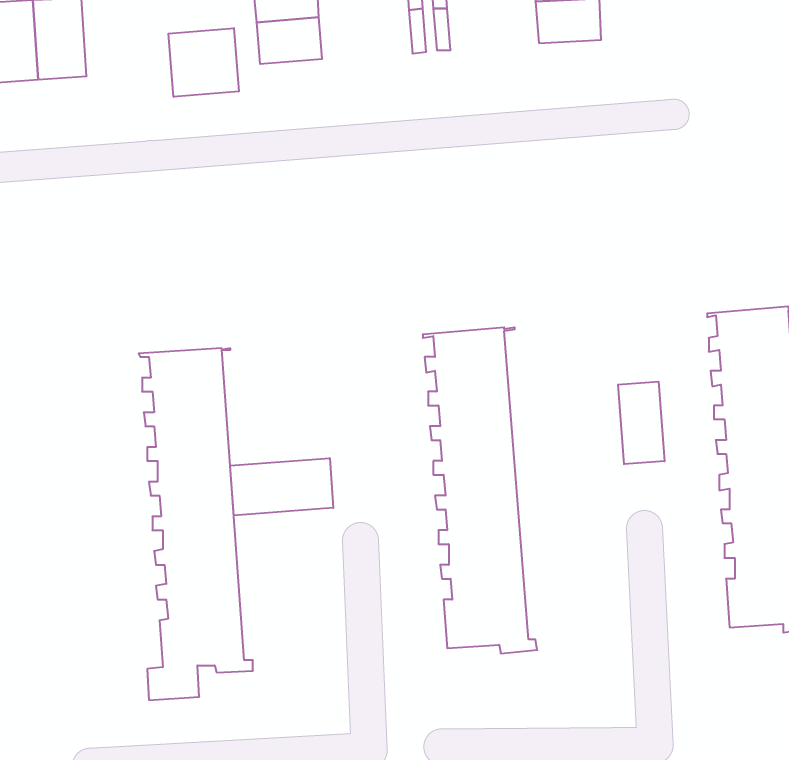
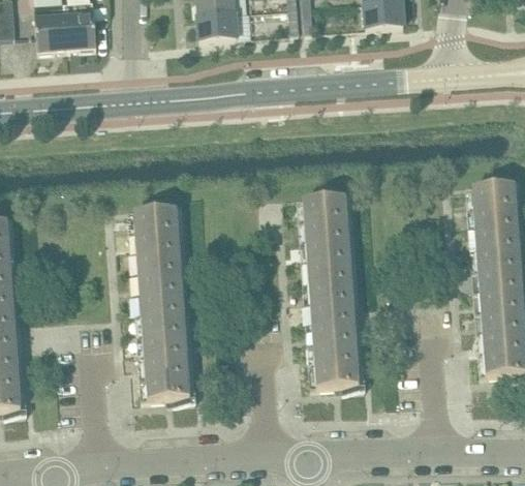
building: [168,28,239,97] -> none
building: [618,382,665,464] -> none
building: [230,458,333,515] -> none

